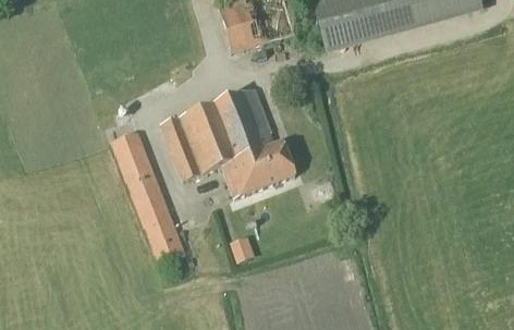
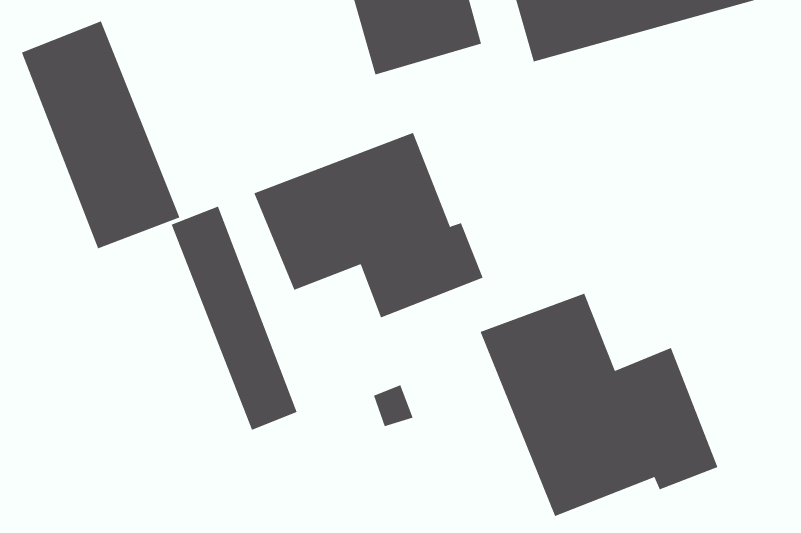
building: none -> [21,21,180,249]
building: none -> [480,293,718,517]

